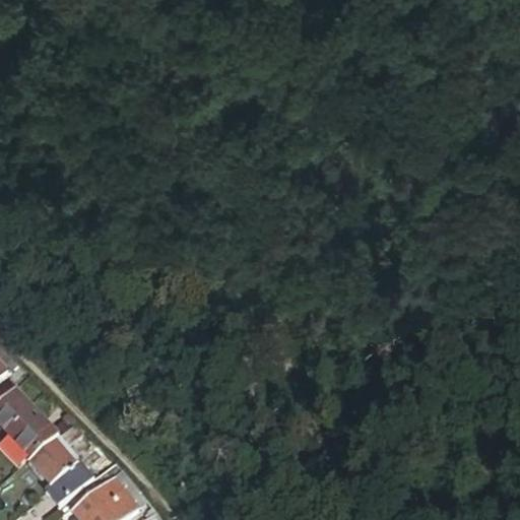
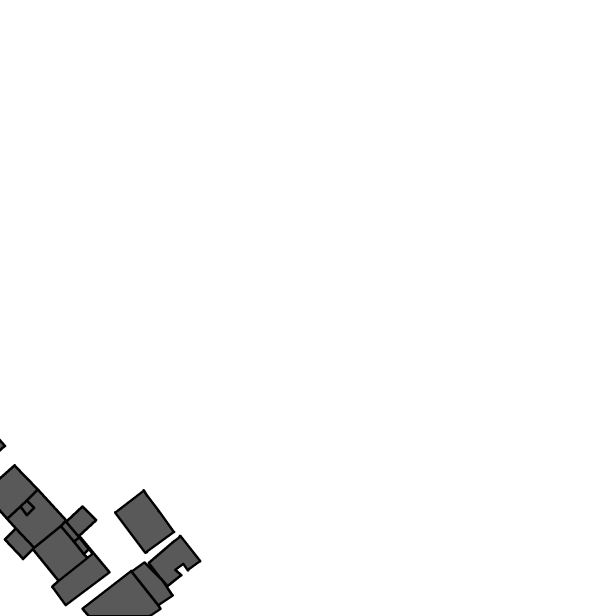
building: none -> [115,490,174,553]
building: none -> [149,536,200,586]

